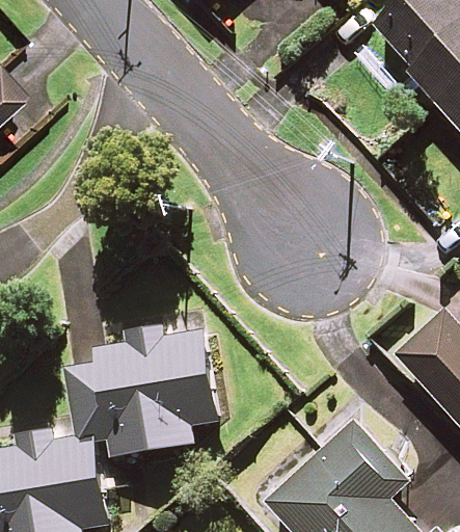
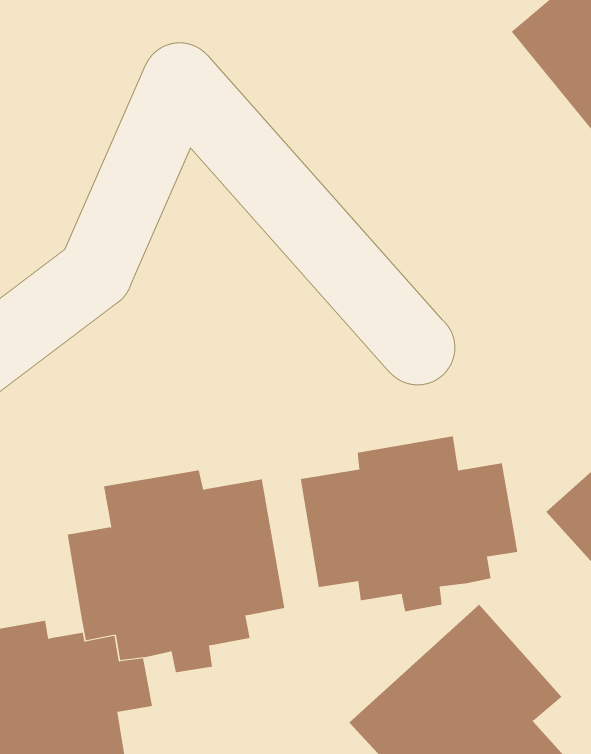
building: none -> [300,436,518,612]

